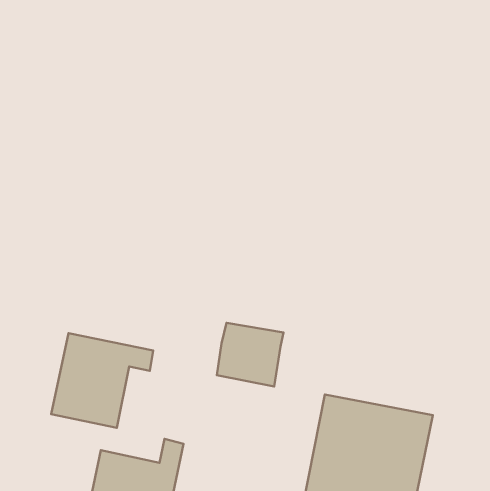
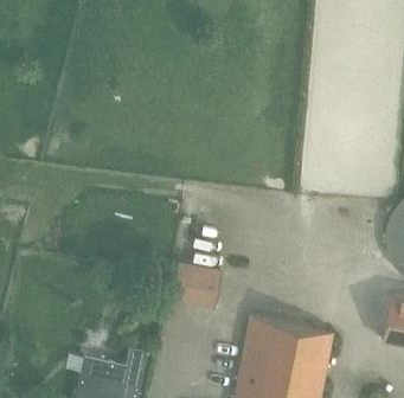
building: [51,333,153,428] -> none

